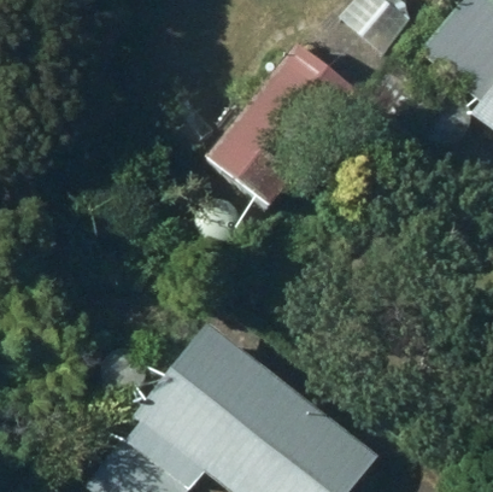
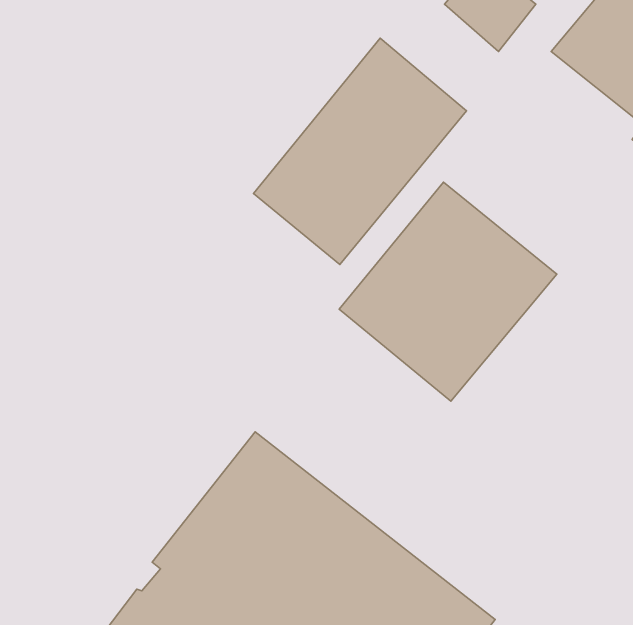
building: none -> [339,182,557,401]

